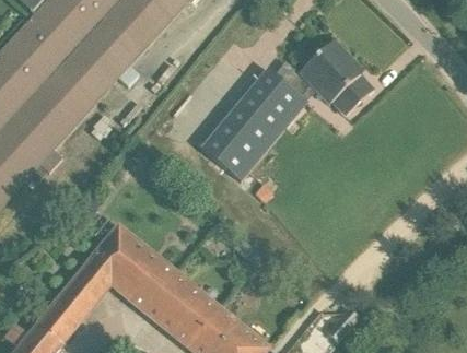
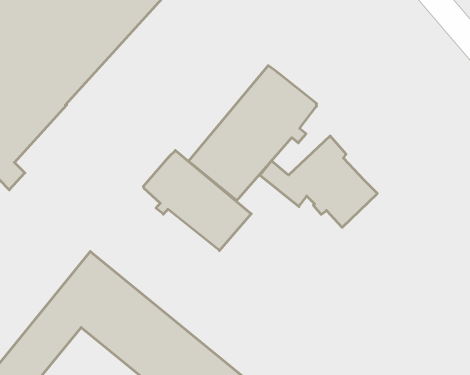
building: [273,40,372,117] -> [260,136,377,227]
building: none -> [143,150,251,251]

